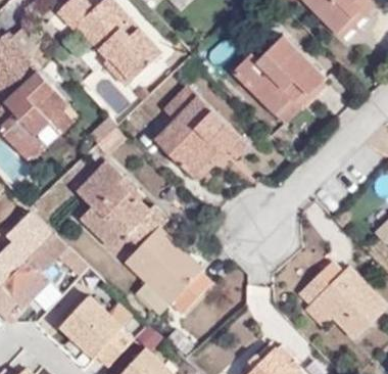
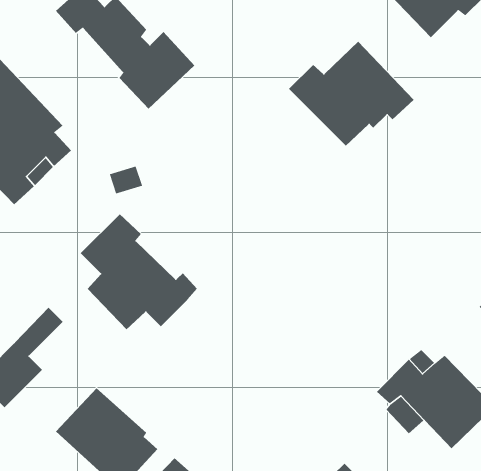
building: [154,86,246,177] -> none
building: [124,229,208,317] -> none

